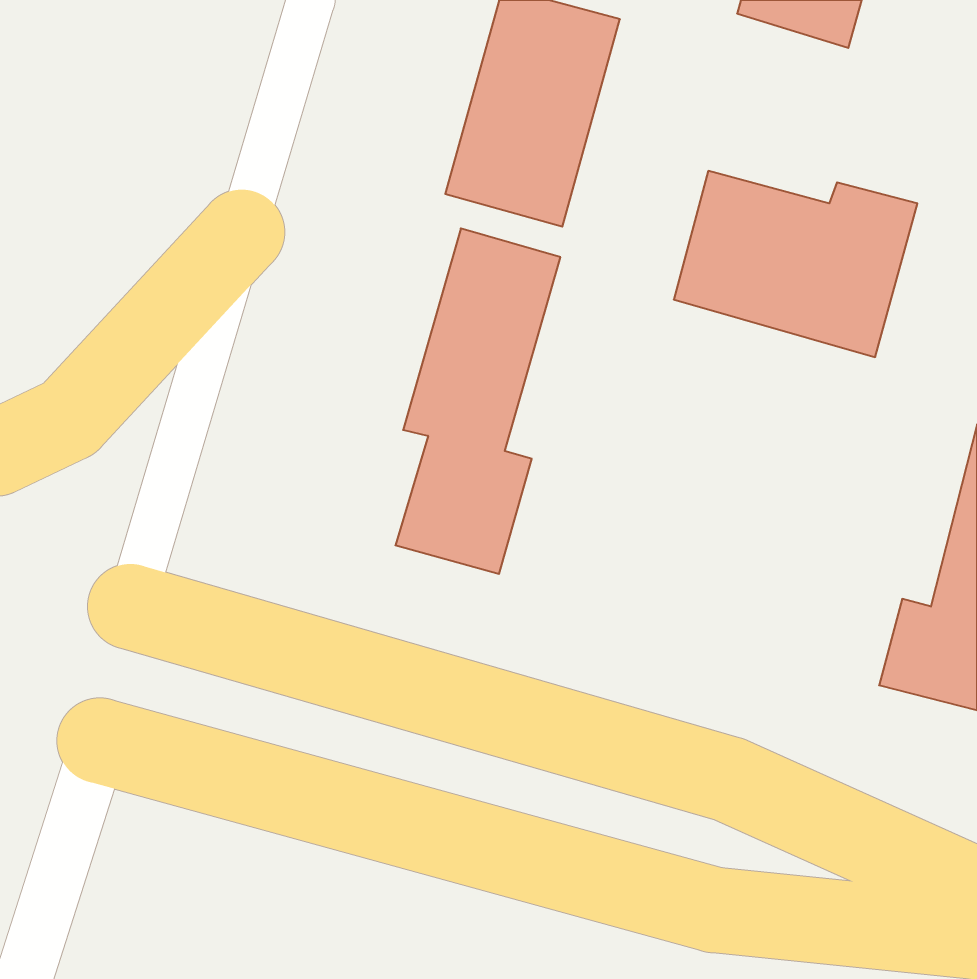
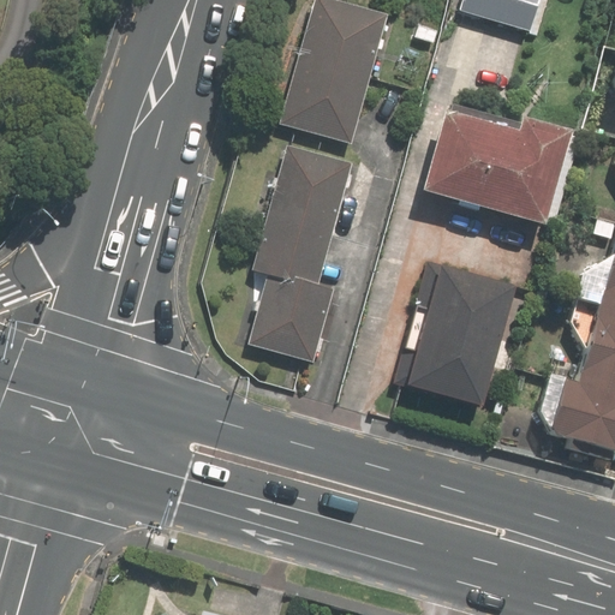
building: none -> [394,262,514,406]

